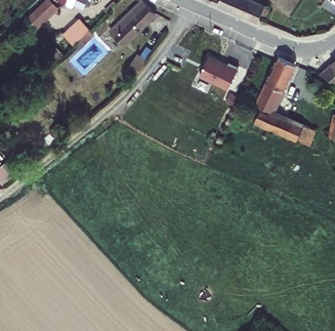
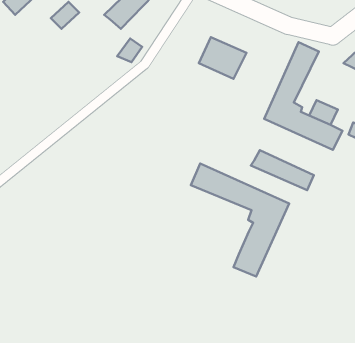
building: none -> [251,150,314,190]
building: none -> [191,163,289,276]

